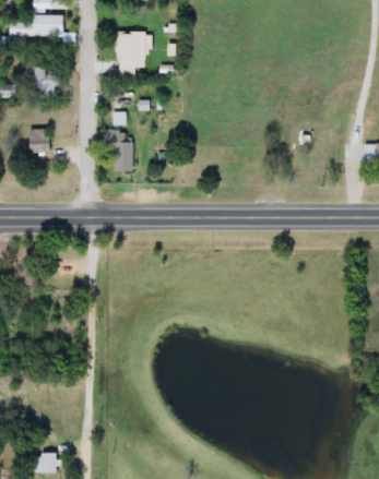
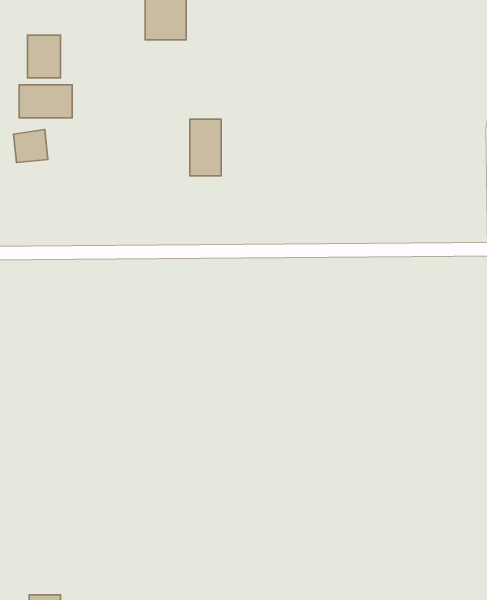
building: none -> [19,85,72,118]
building: [110,131,132,170] -> [190,119,221,176]

